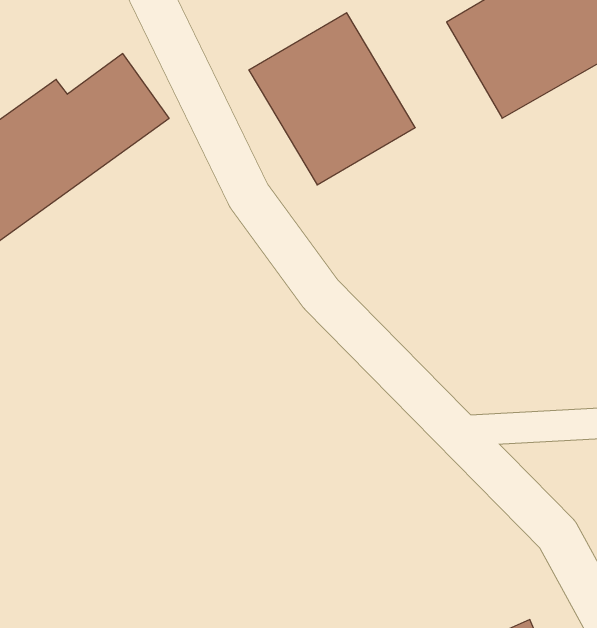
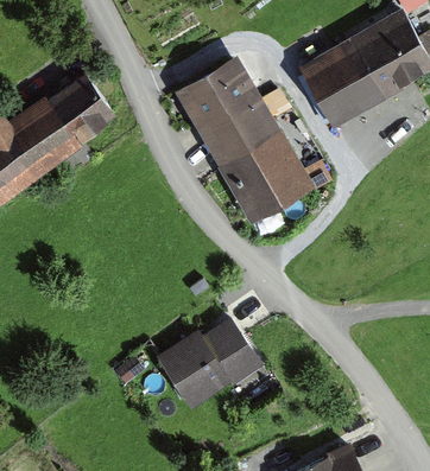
building: none -> [215,129,312,223]
building: none -> [160,322,264,409]

